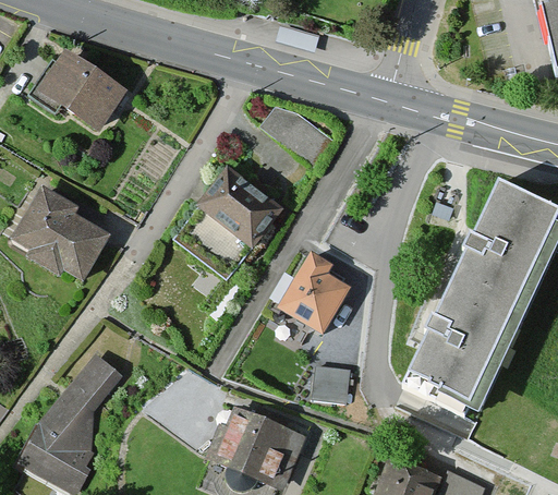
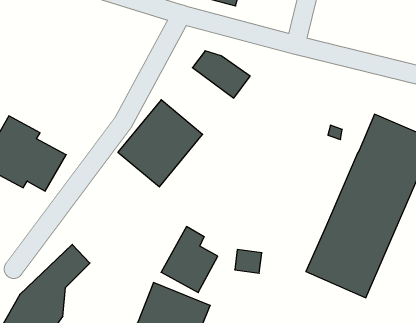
building: [31,47,122,132] -> none
building: [274,249,347,334] -> [161,227,218,293]

